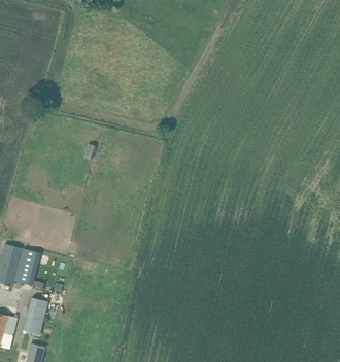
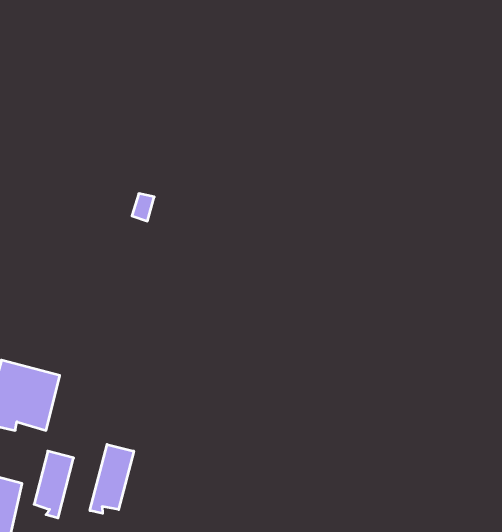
building: none -> [90,444,134,513]

